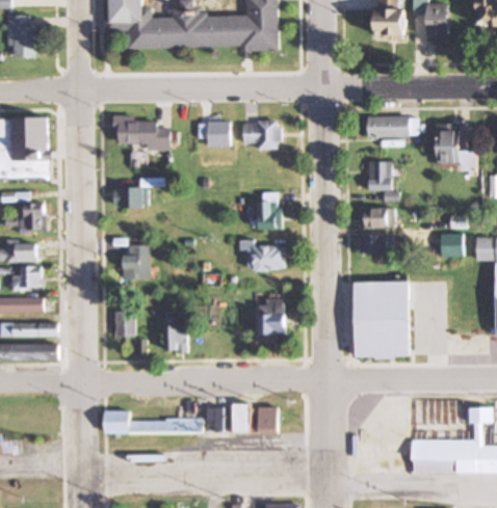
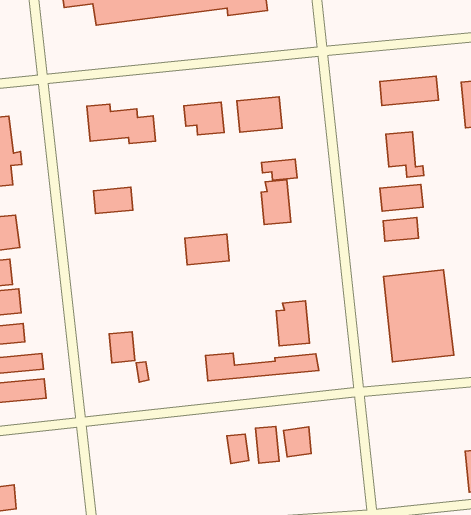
building: none -> [261,159,297,180]
building: [124,244,149,278] -> none
building: [248,246,285,269] -> [185,234,229,265]
building: [164,325,188,353] -> none
building: [106,409,202,431] -> [206,353,319,381]

